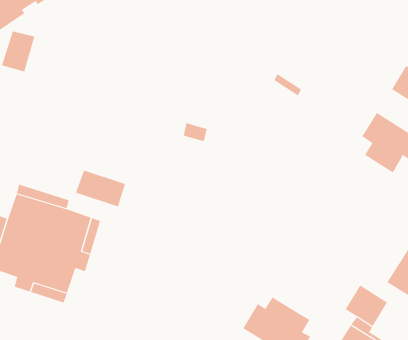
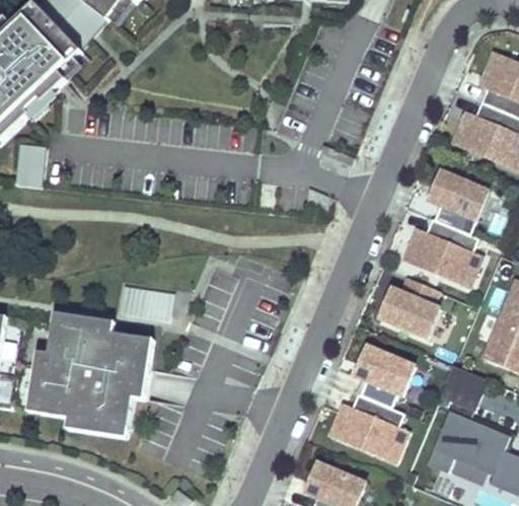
building: none -> [402,217,480,285]
building: none -> [378,276,438,337]
building: none -> [354,345,414,407]

